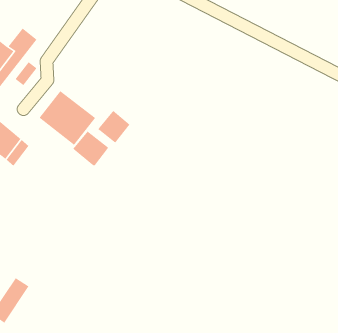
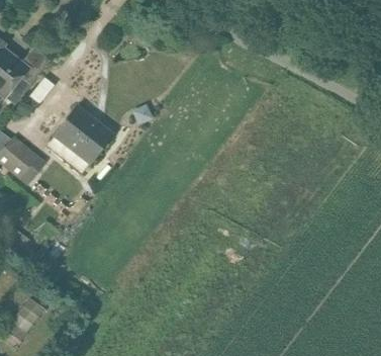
building: [97,110,130,143] -> none
building: [72,131,109,166] -> none

